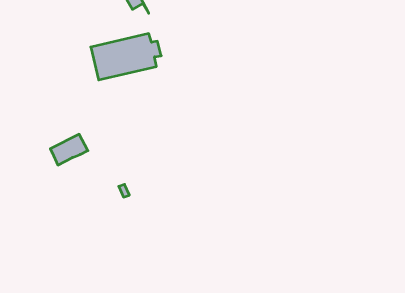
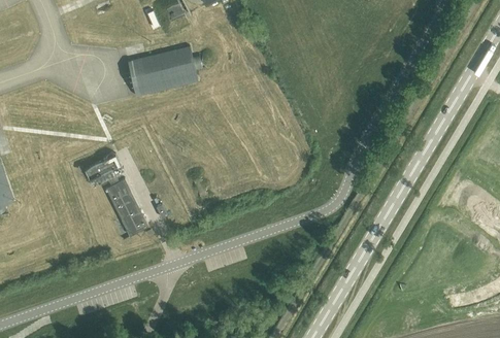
building: none -> [105,176,147,236]

